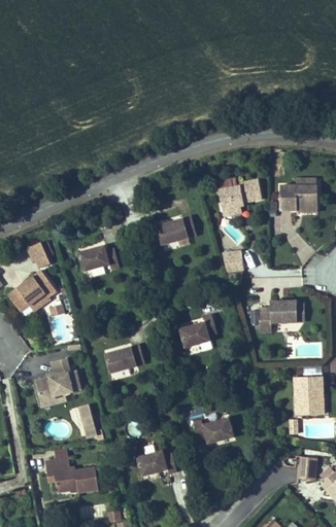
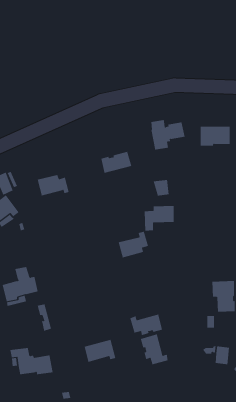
building: [259,301,297,332] -> [144,205,175,231]
building: [104,345,144,373] -> none
building: none -> [140,334,168,365]

